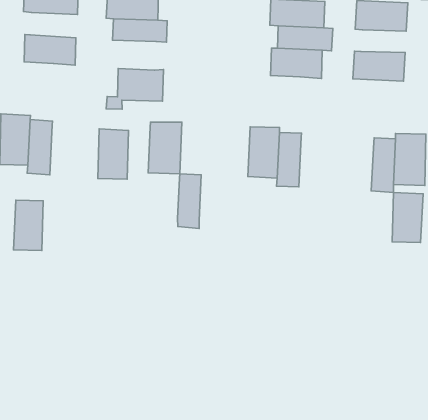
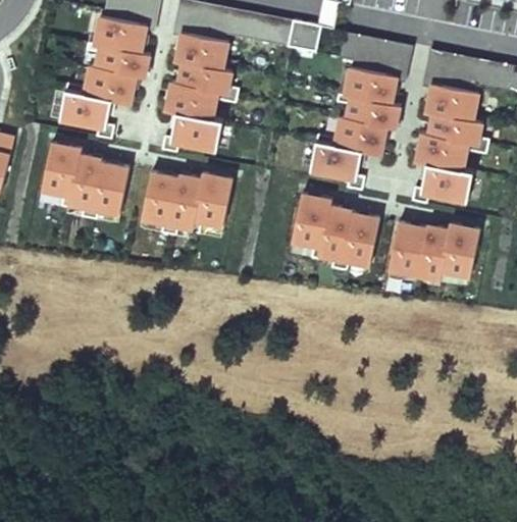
building: none -> [94,44,153,77]
building: none -> [425,113,484,145]
building: none -> [163,84,220,121]
building: none -> [60,90,113,141]
building: none -> [307,142,360,193]
building: none -> [409,164,473,206]
building: none -> [342,212,379,268]
building: [178,174,201,228] -> [169,174,201,232]
building: [392,192,423,243] -> [385,222,424,277]
building: [13,200,43,250] -> [92,161,130,216]

